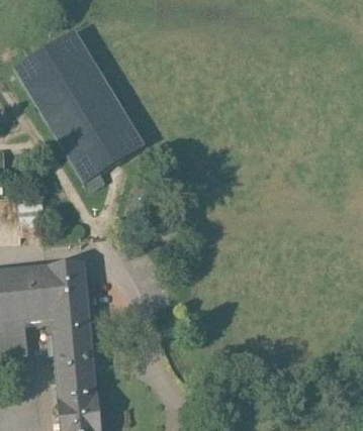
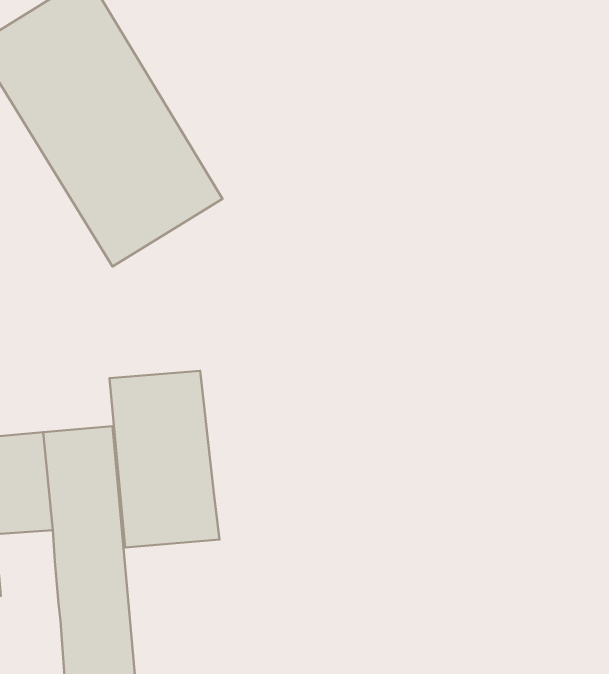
building: none -> [110,371,219,548]

